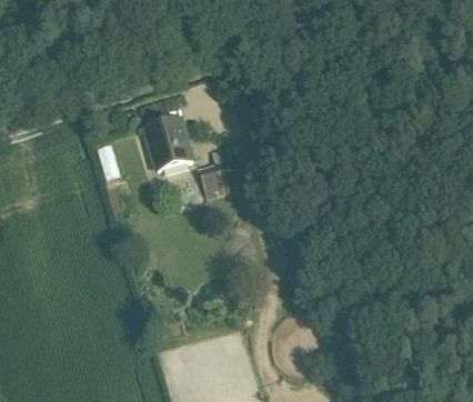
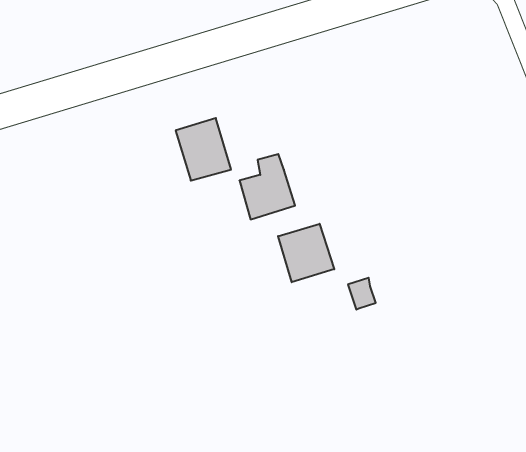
building: none -> [278,224,334,282]

